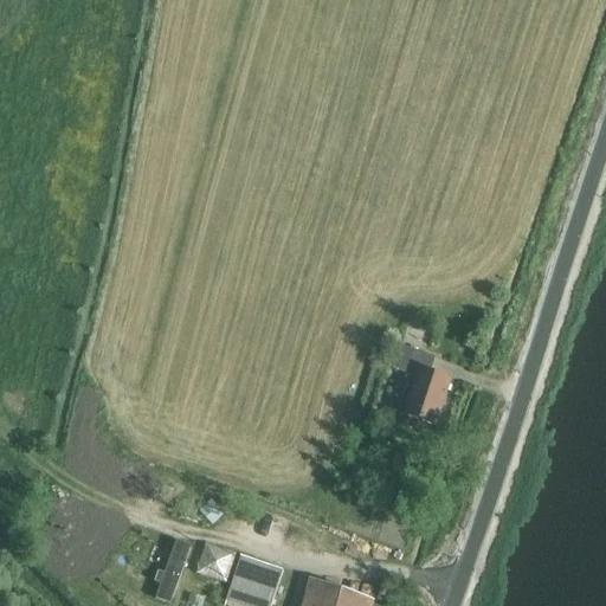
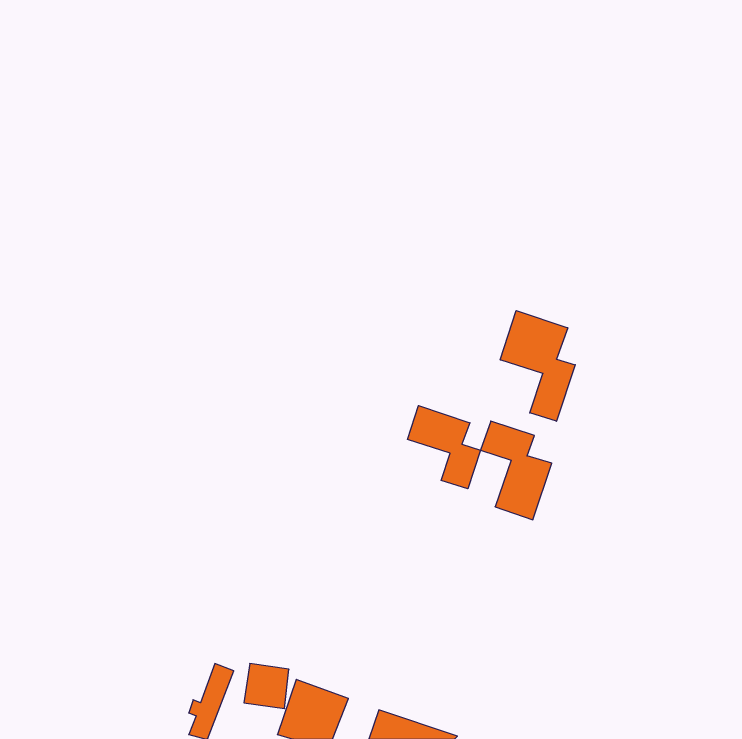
building: none -> [500,311,575,421]
building: none -> [408,406,481,489]

